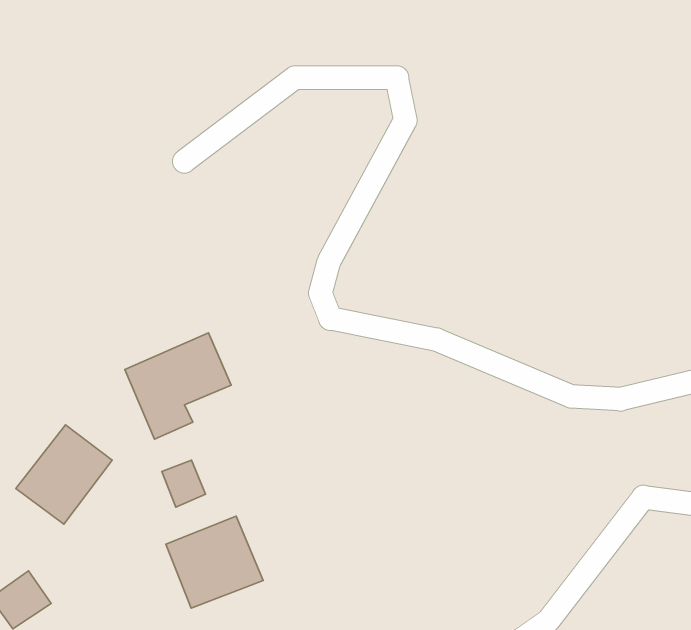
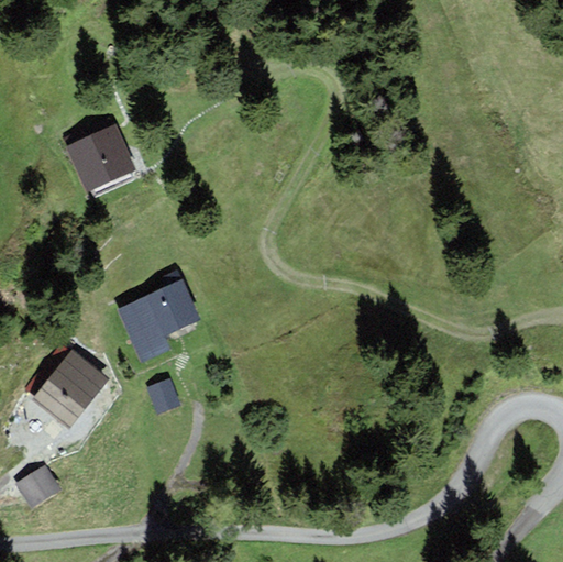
building: none -> [66,123,137,192]
building: [166,516,263,608] -> none

